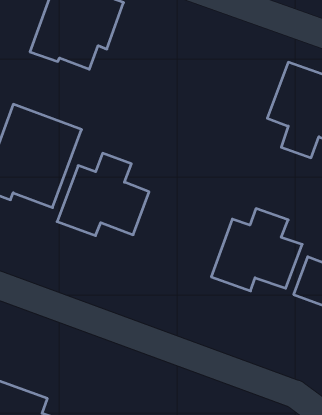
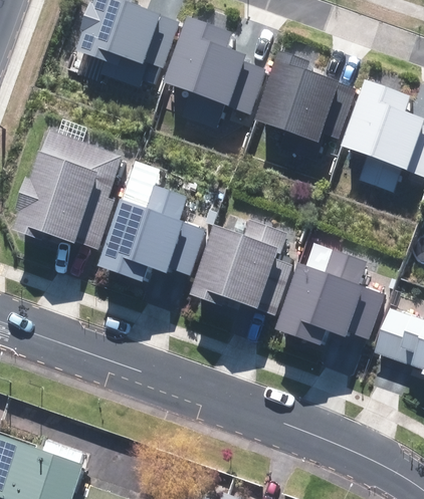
building: none -> [165,19,264,128]
building: none -> [246,52,350,160]
building: none -> [193,222,289,313]

